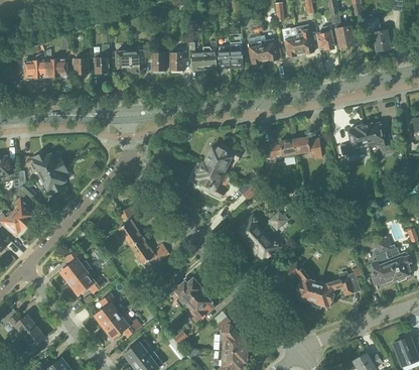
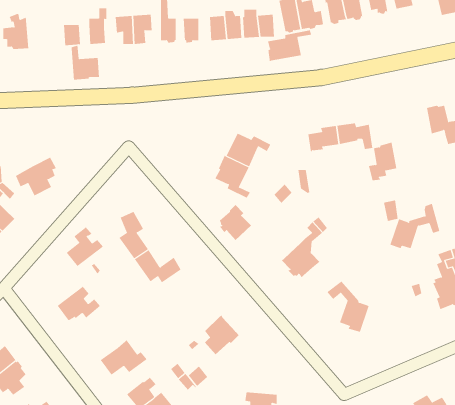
building: [45,48,68,77] -> [71,45,100,80]
building: none -> [267,29,312,62]
building: [345,124,369,155] -> [368,142,397,181]
building: [32,149,64,175] -> none
building: [238,215,264,244] -> [219,204,252,241]
building: [60,250,91,282] -> [66,226,104,267]
building: [312,270,353,306] -> [390,203,440,249]
building: [164,276,204,306] -> none
building: [95,293,126,326] -> none
building: [218,317,247,353] -> none

